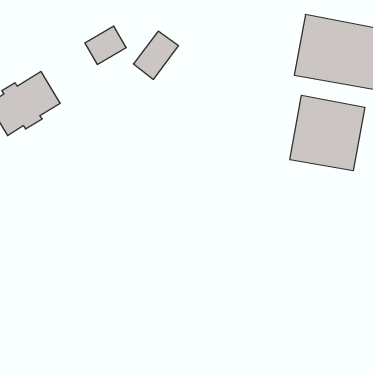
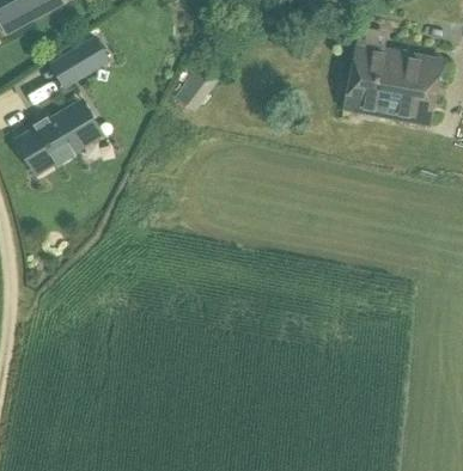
building: [85,26,126,64] -> [63,37,108,78]
building: [290,95,365,171] -> none

